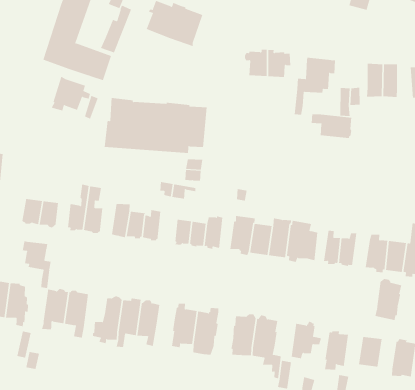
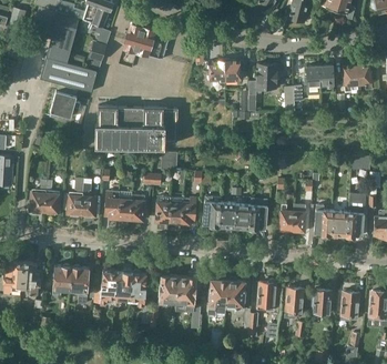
building: [311,113,352,139] -> none
building: [22,240,51,289] -> none
building: [375,278,402,321] -> none

